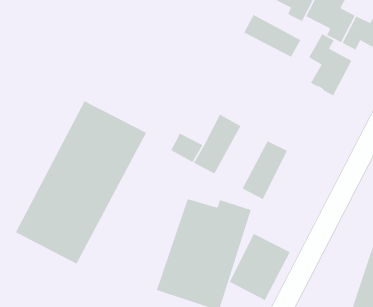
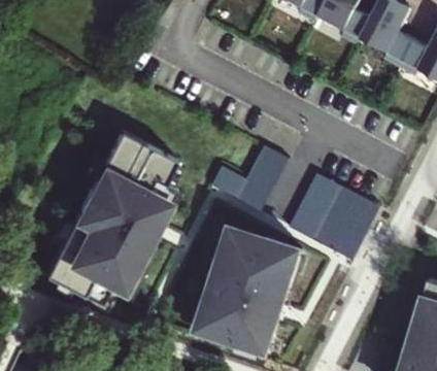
building: [243,14,301,58] -> none
building: [308,33,353,97] -> none
building: [229,233,291,301] -> [312,183,379,258]

